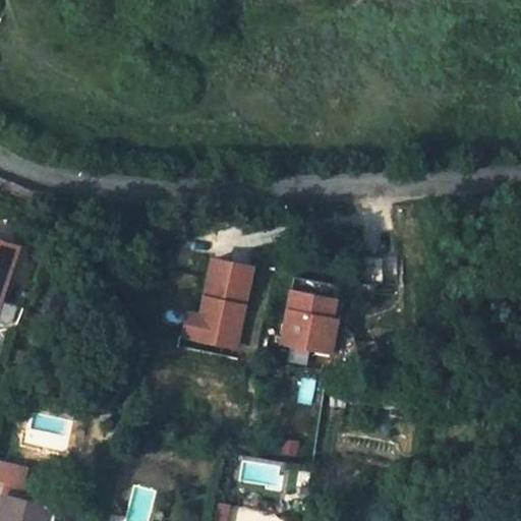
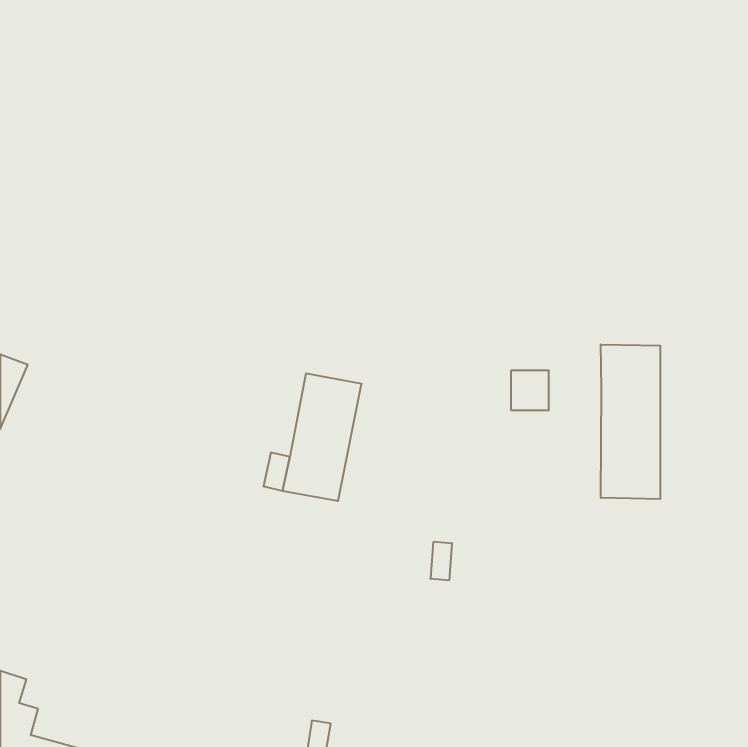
building: none -> [601,344,660,499]
building: [282,277,338,352] -> none

